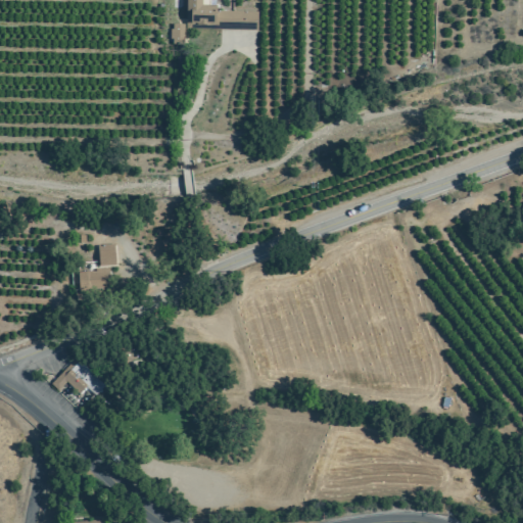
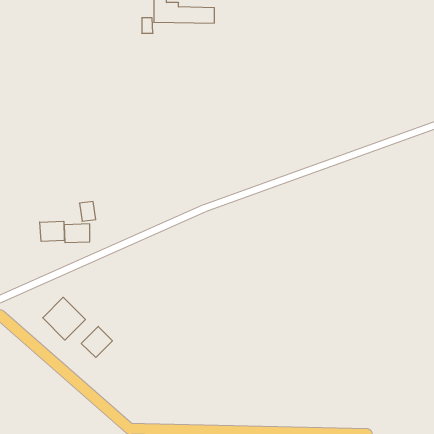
building: none -> [40,221,64,241]
building: none -> [81,326,112,357]

